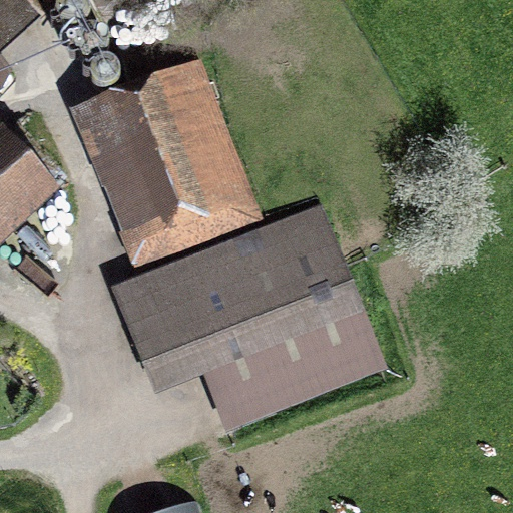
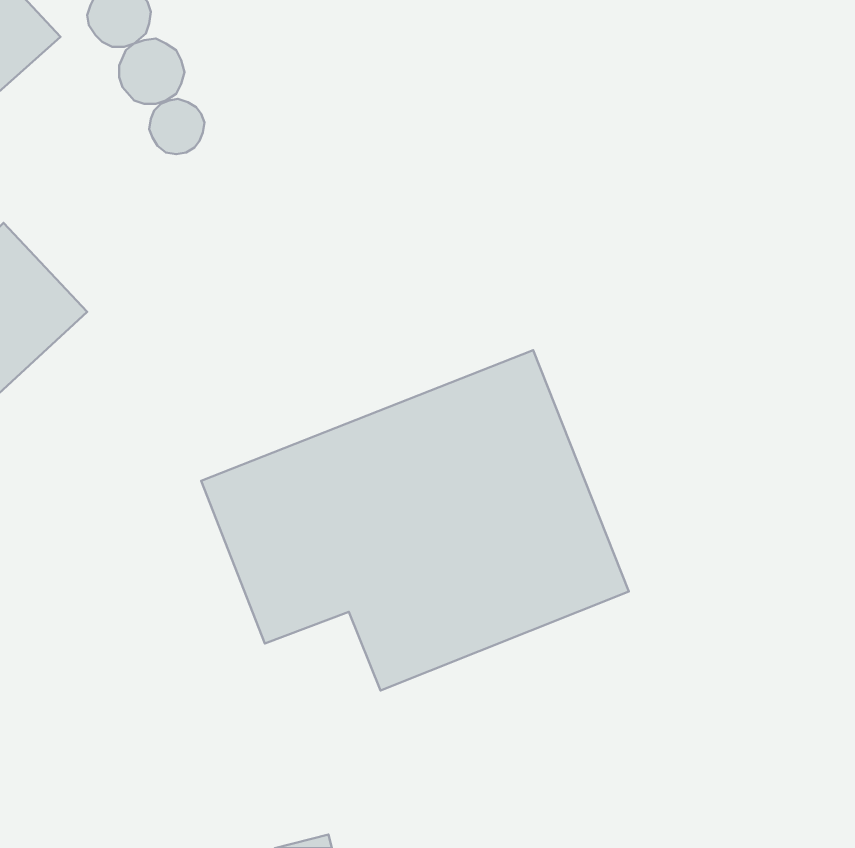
building: [84,72,256,261] -> none

